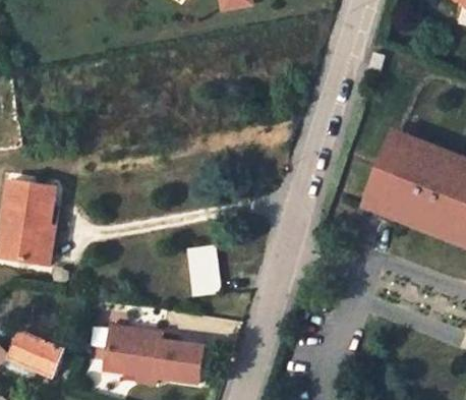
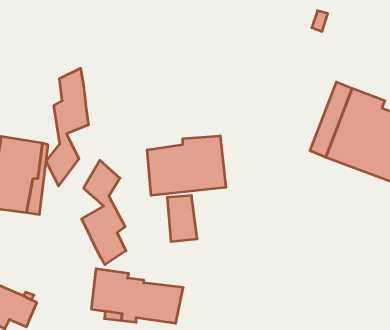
building: none -> [46,68,88,186]
building: none -> [147,136,226,195]
building: none -> [82,160,126,265]

